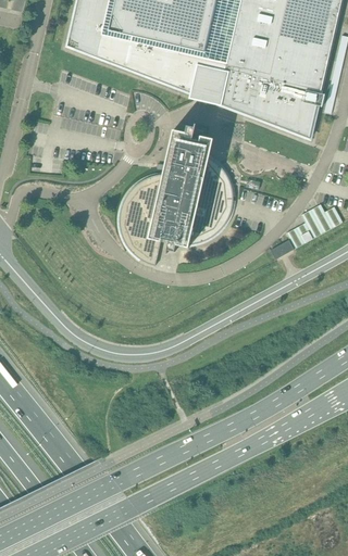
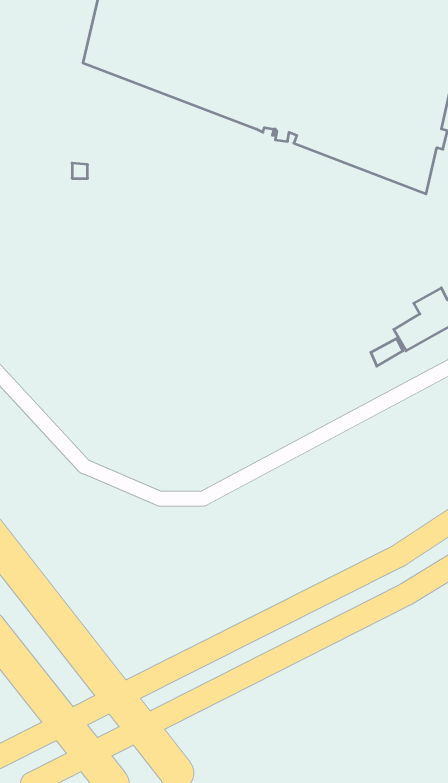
building: [120,123,233,264] -> none

